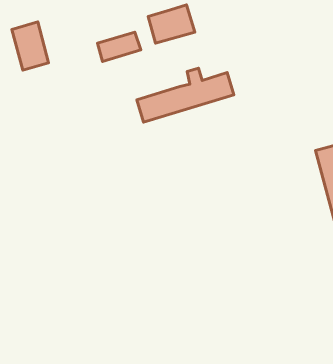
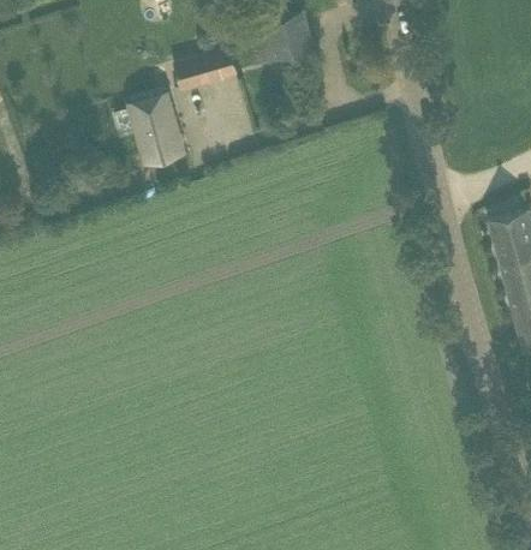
building: [12,22,49,70] -> [131,97,184,167]
building: [137,68,234,122] -> none

